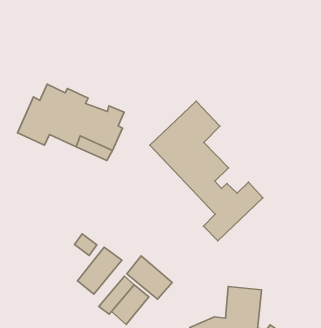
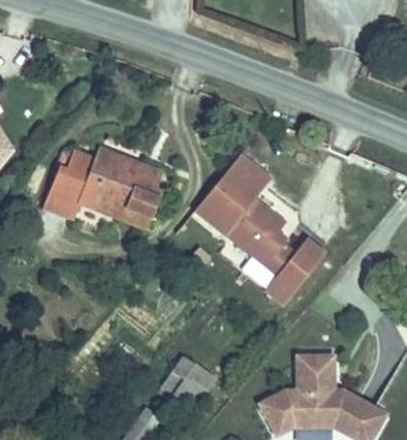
building: [77,247,122,294] -> none
building: [127,256,172,299] -> none

